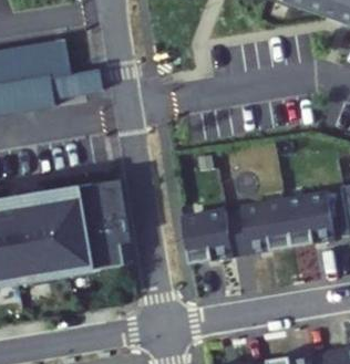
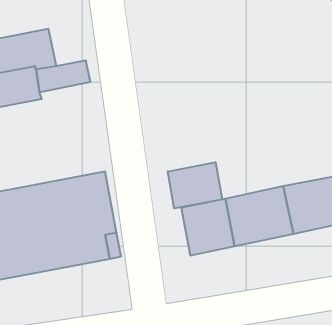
building: none -> [168,162,222,208]

